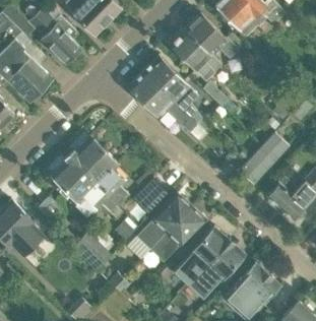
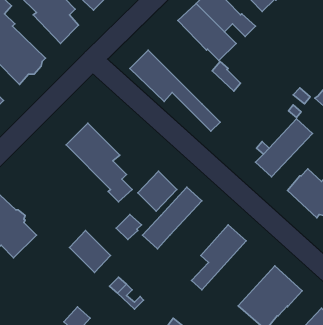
building: [143,56,209,130] -> none
building: [51,155,122,218] -> none
building: [151,205,205,262] -> none
building: [191,241,245,292] -> none

